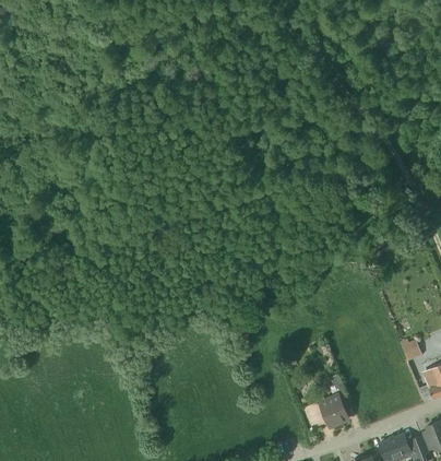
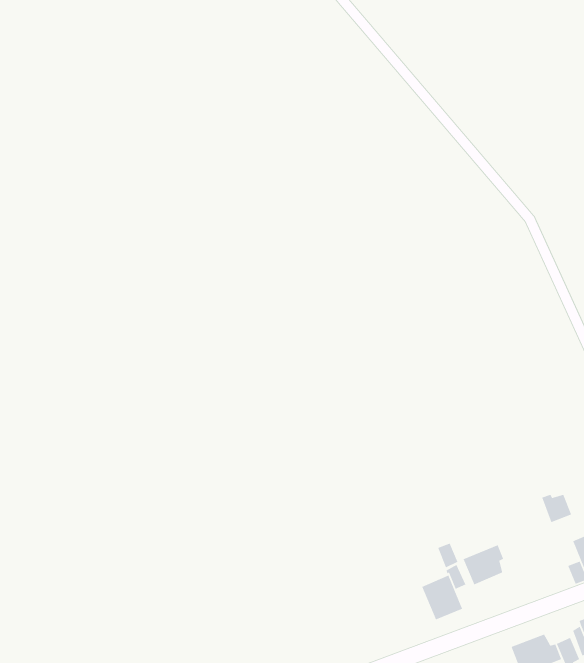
building: none -> [463,544,504,585]

